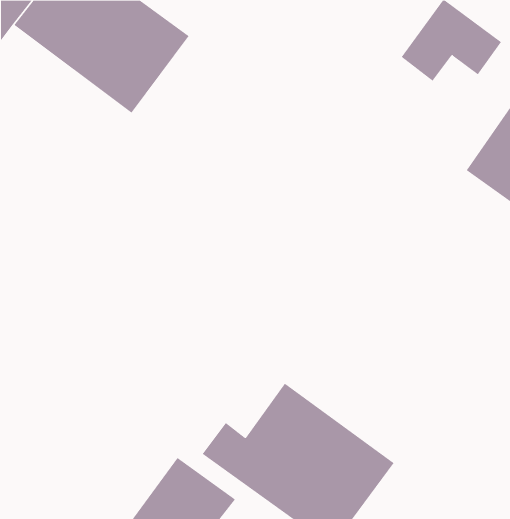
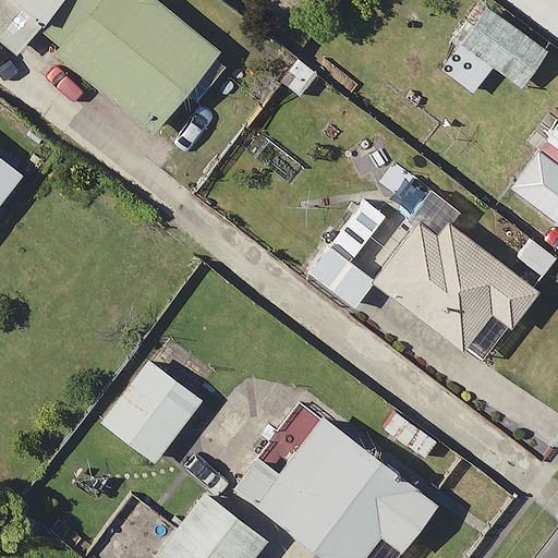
building: none -> [310,215,537,363]
building: none -> [99,339,204,463]

